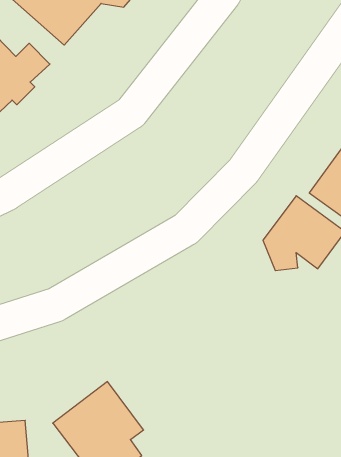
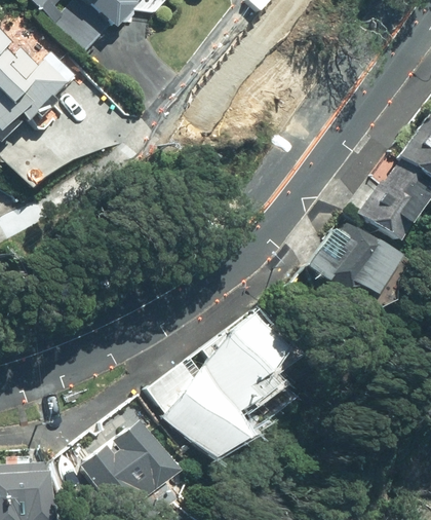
building: none -> [145,311,284,458]

